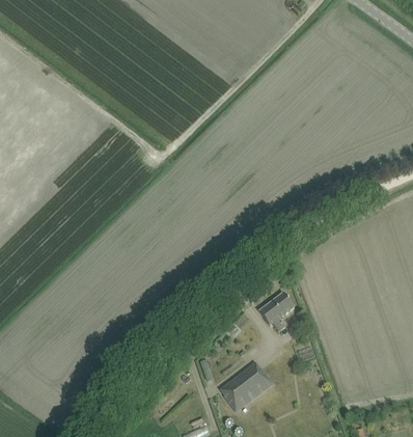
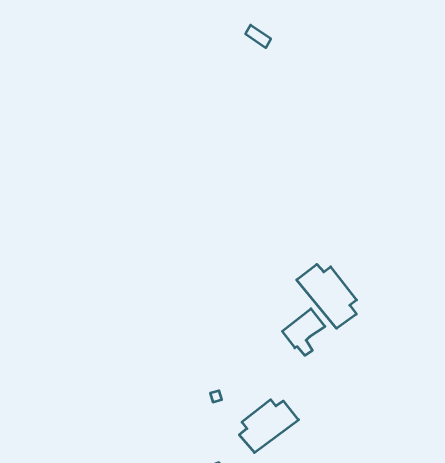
building: none -> [297,264,357,328]

